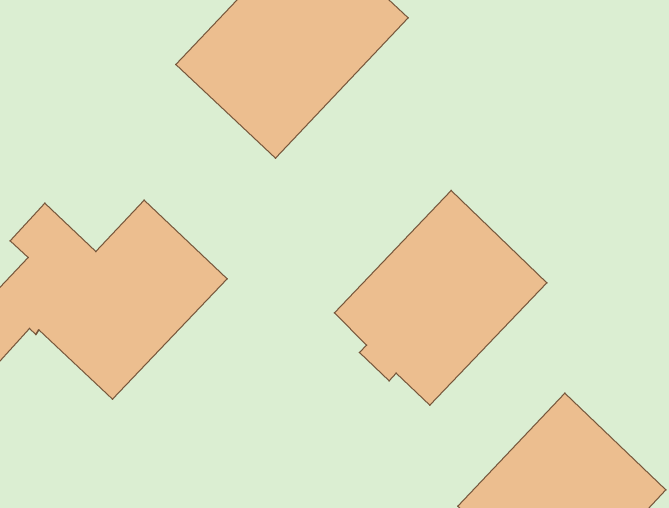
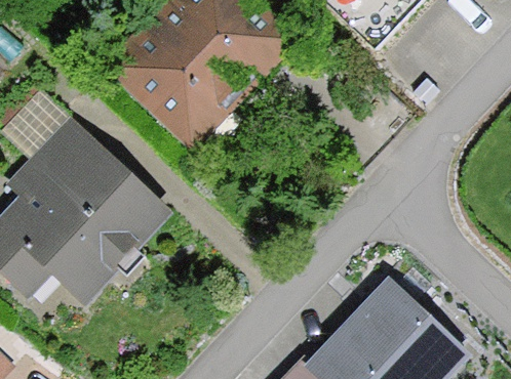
building: [334,190,547,405] -> none

